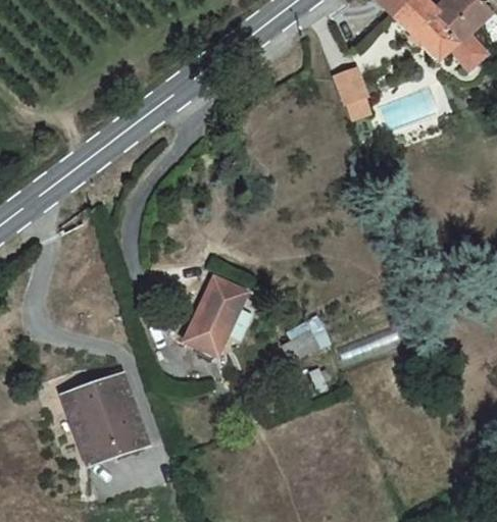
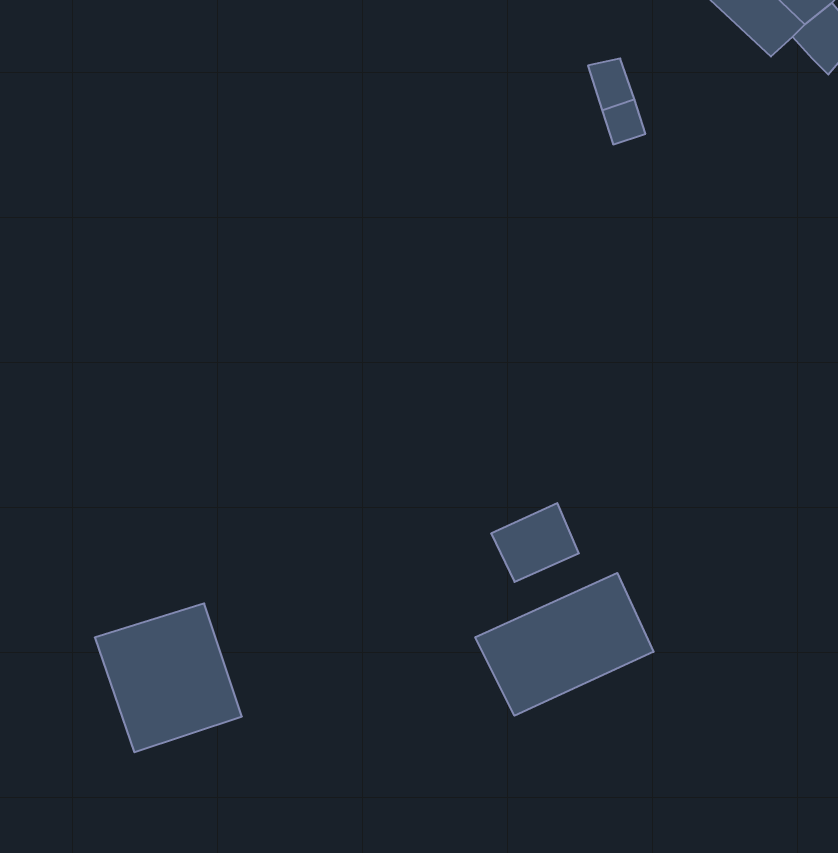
building: [183,280,247,359] -> none
building: none -> [475,573,654,716]

